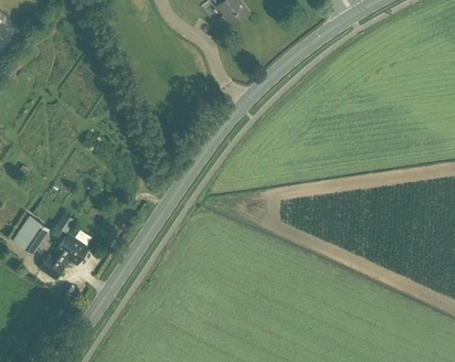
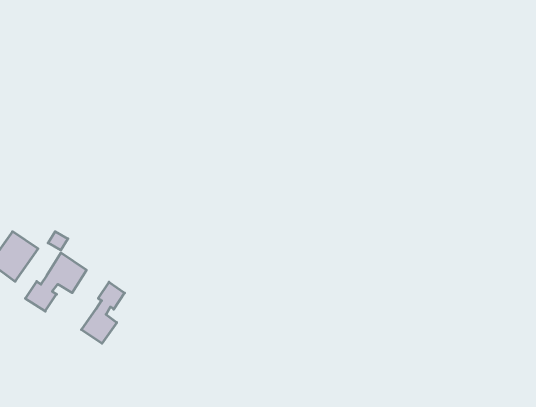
building: none -> [81,282,125,343]

